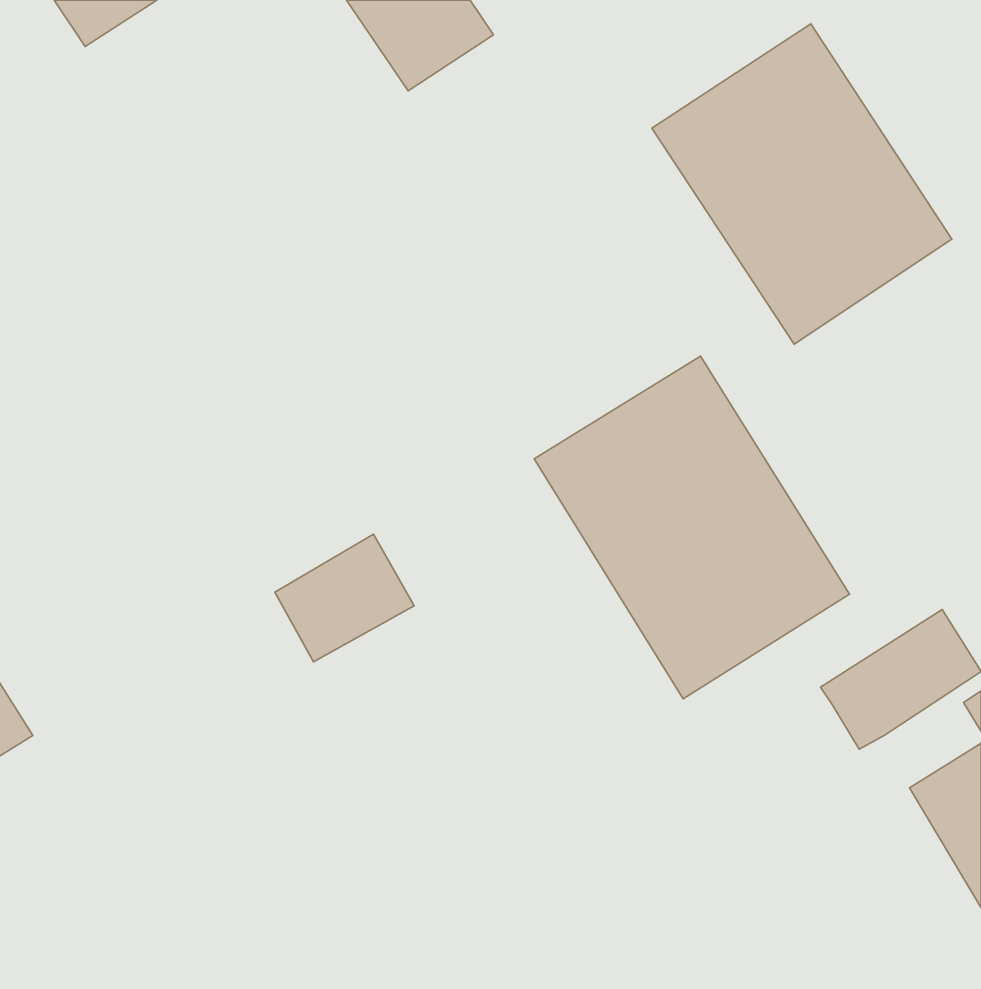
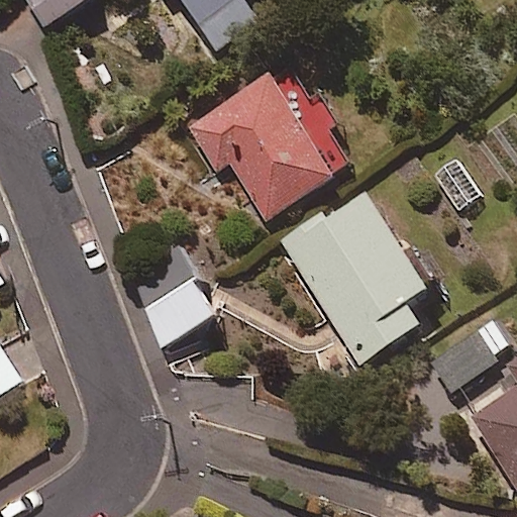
building: [652,24,952,344] -> none
building: none -> [183,59,355,219]

